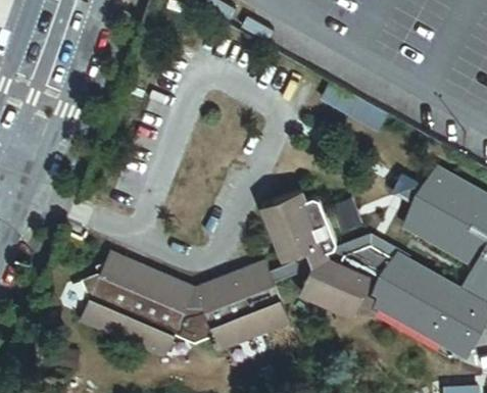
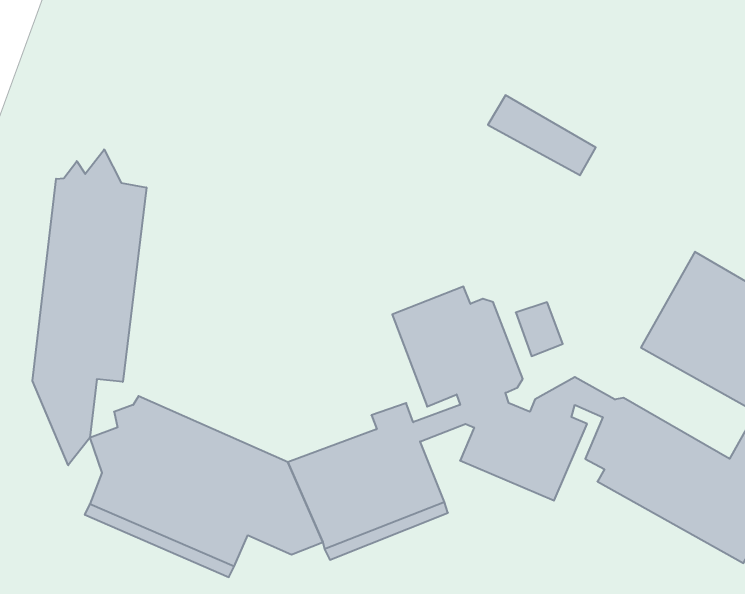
building: none -> [32,149,146,465]
building: [109,249,249,293] -> none

